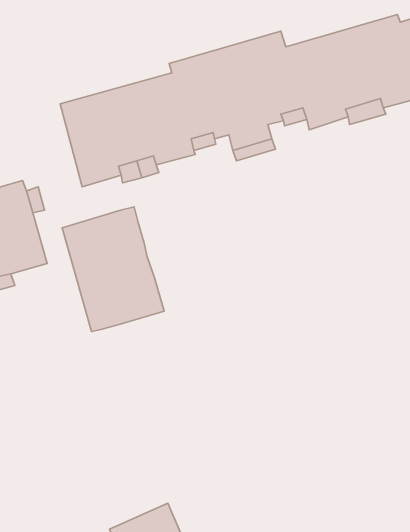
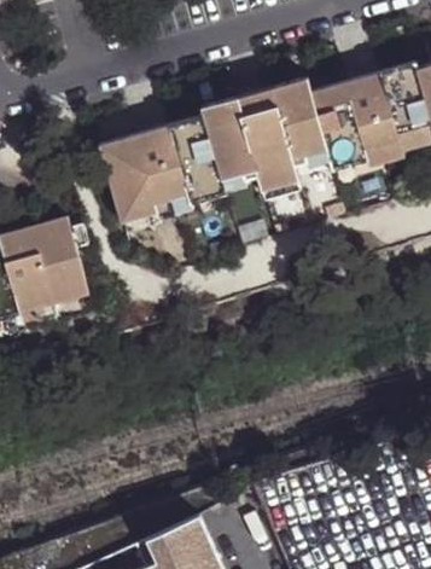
building: [62,207,164,332] -> none

